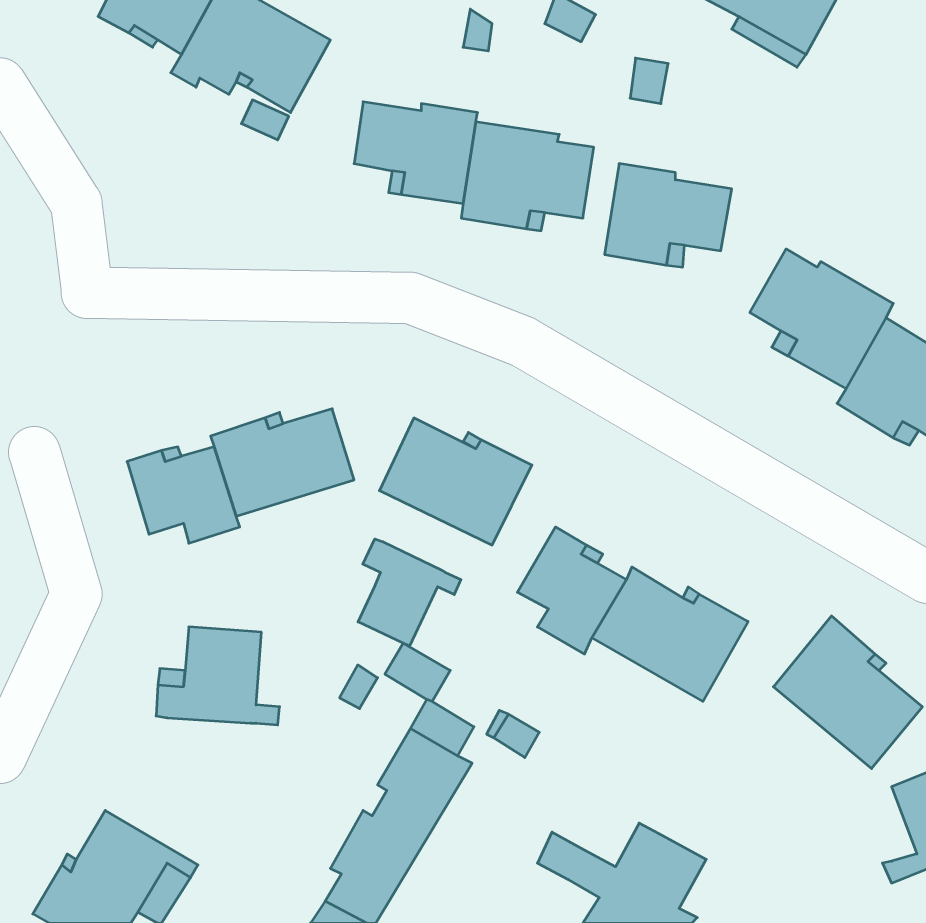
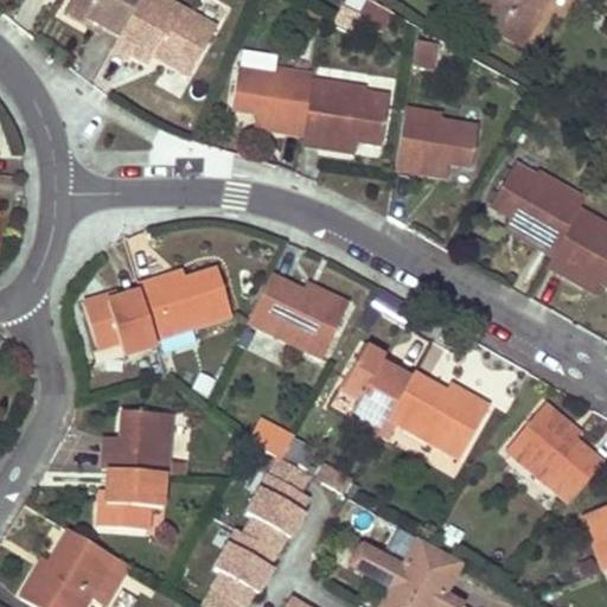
building: [358,539,461,646] -> none
building: none -> [100,468,165,528]

